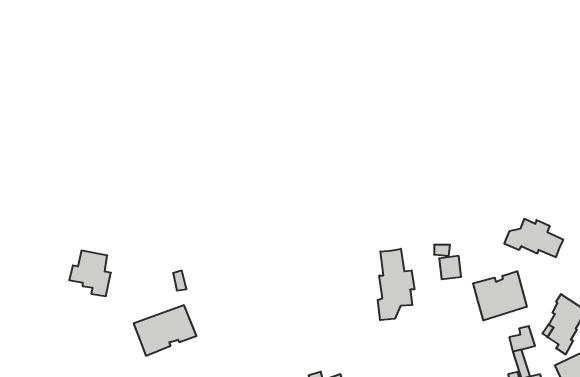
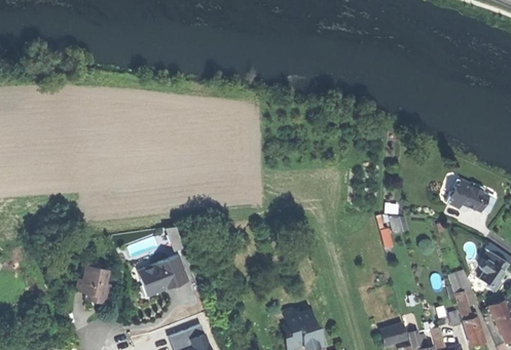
building: [378,249,414,320] -> none
building: [69,251,111,296] -> [75,268,110,306]
building: [473,271,527,320] -> none

